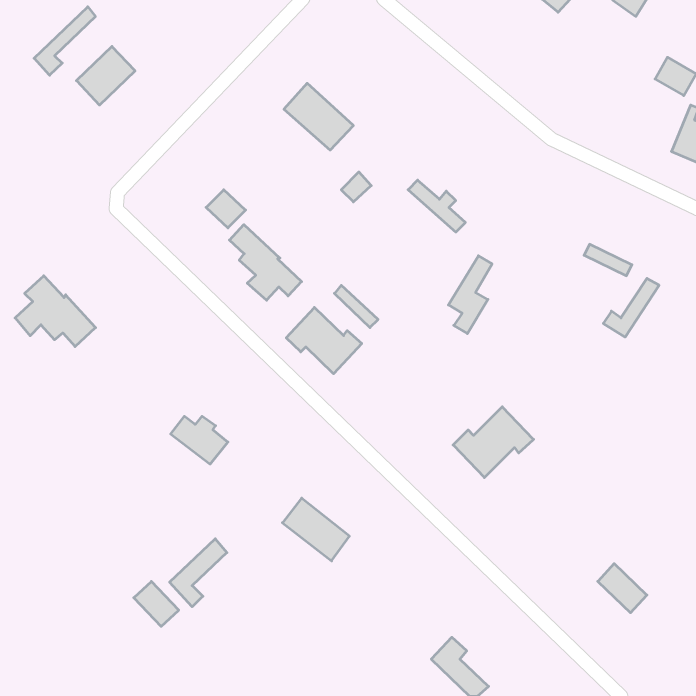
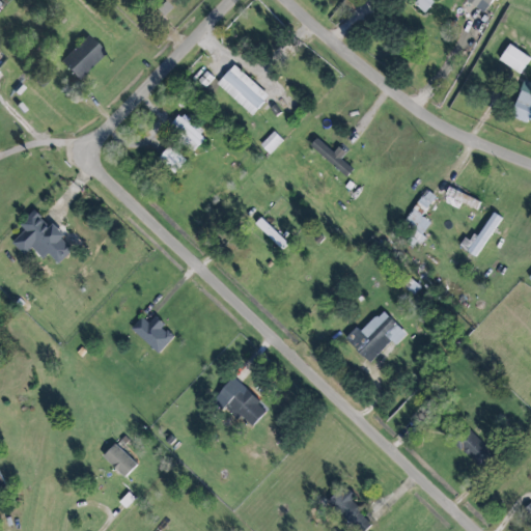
building: [34,7,95,75] -> none
building: none -> [170,112,207,148]
building: [229,225,302,300] -> none
building: [448,256,492,334] -> [402,189,436,248]
building: [286,307,362,374] -> none
building: [170,539,227,607] -> none

